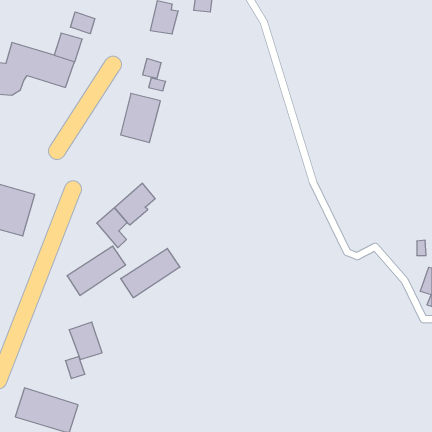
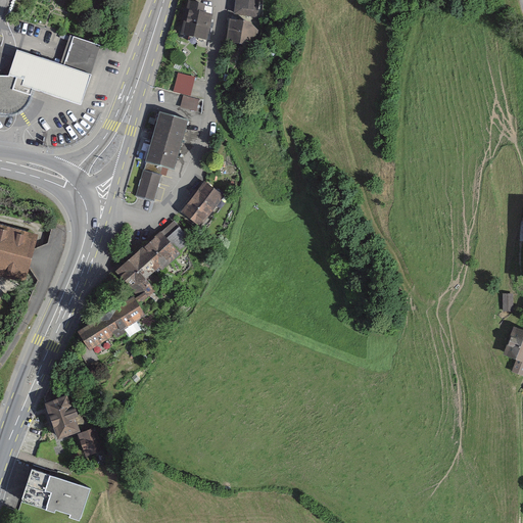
building: [70,12,95,34] -> none
building: none -> [225,17,254,44]
building: none -> [135,170,159,199]
building: none -> [181,179,225,226]
building: [121,248,180,298] -> none
building: [69,322,102,359] -> [45,393,85,438]

